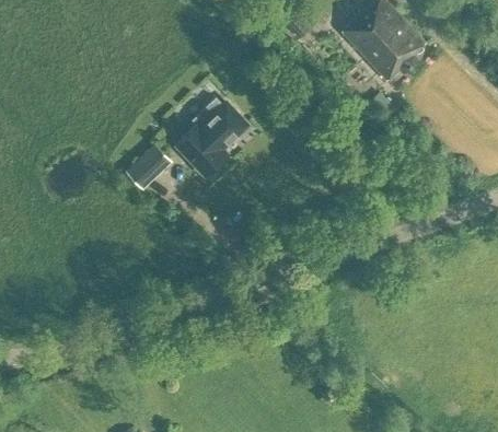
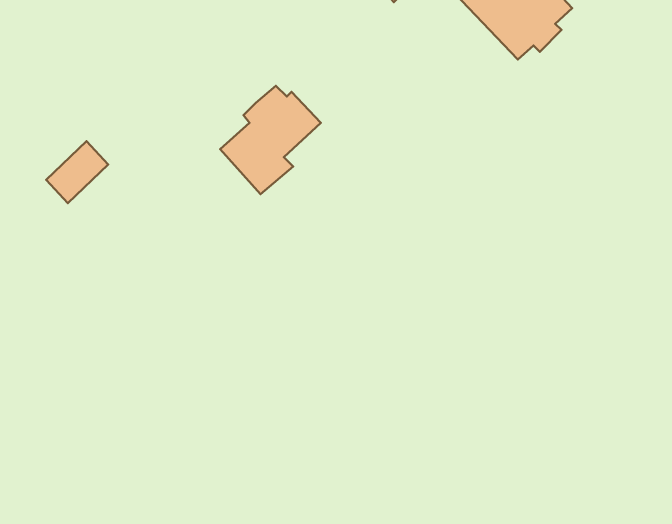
building: [127,145,171,189] -> [46,141,108,203]

